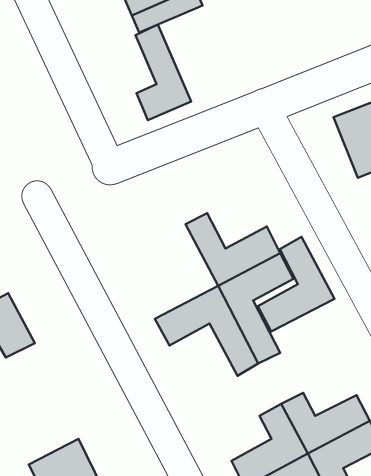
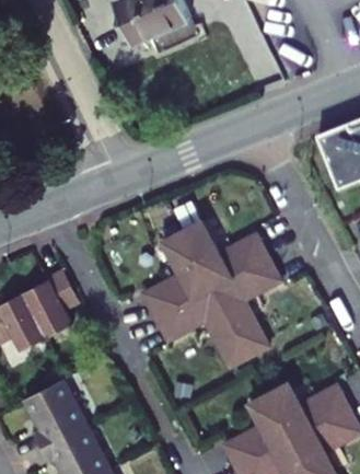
building: [136,24,191,120] -> none
building: [258,237,334,332] -> [143,231,212,316]
building: none -> [23,268,80,338]
building: none -> [25,380,86,448]

